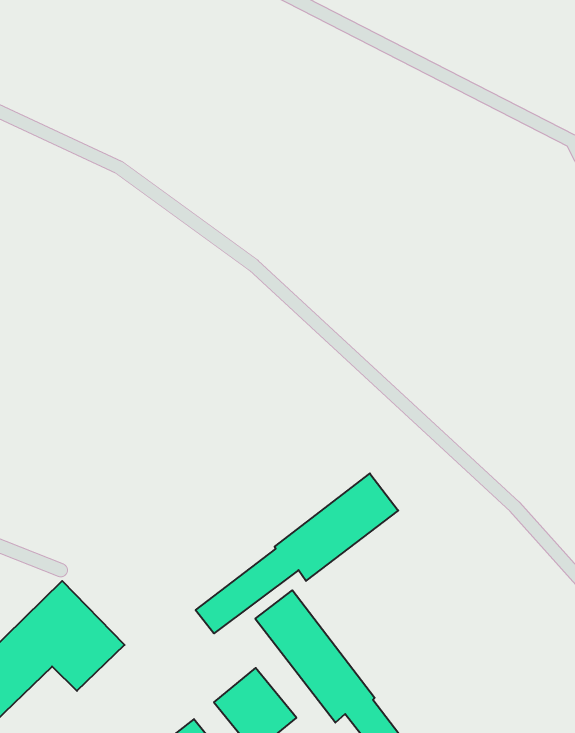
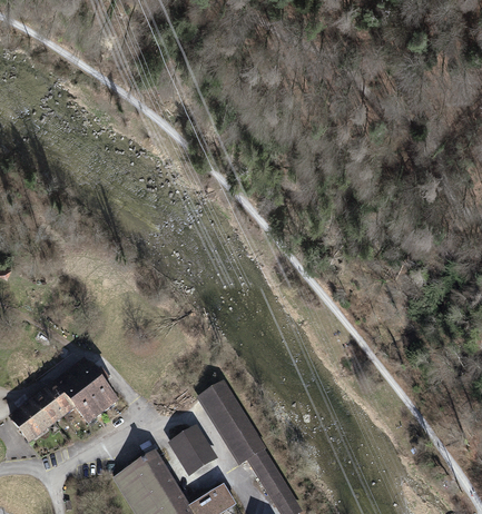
building: [196,473,398,633] -> none

